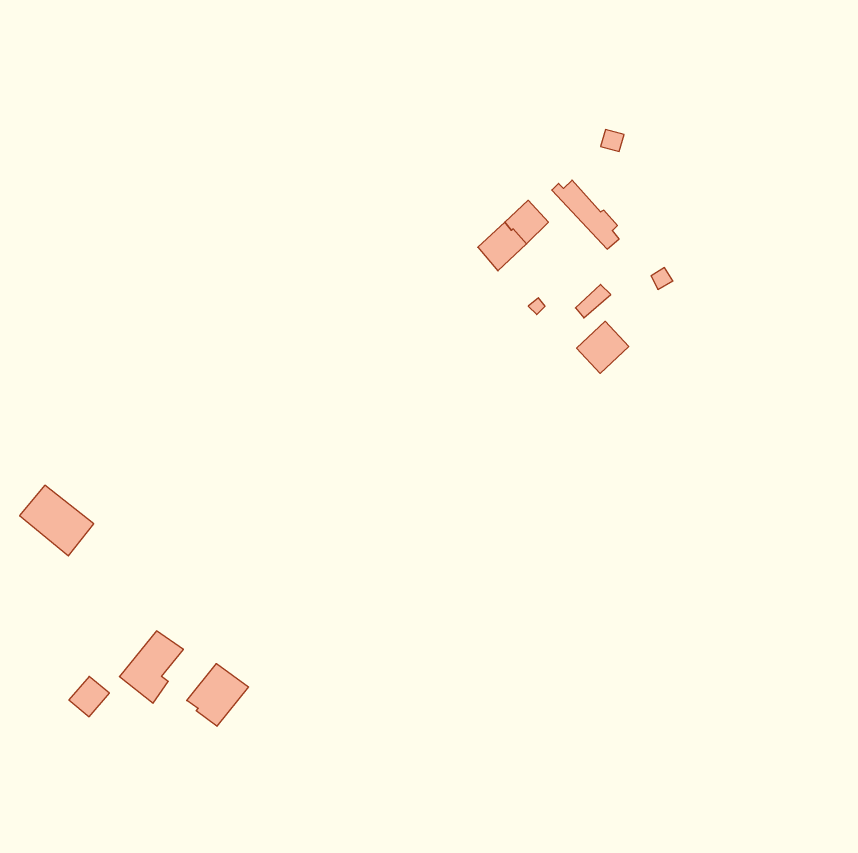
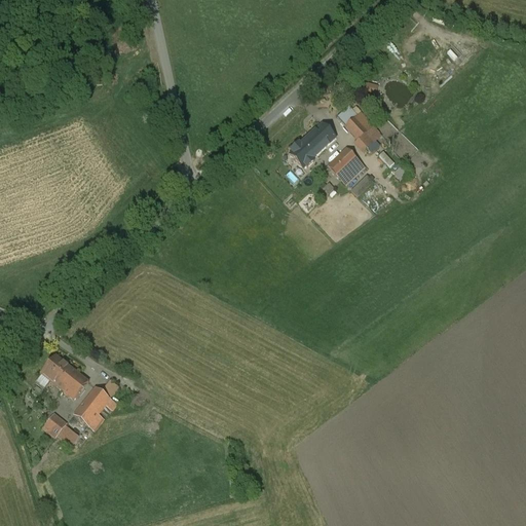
building: [577,321,629,373] -> [330,148,362,180]
building: [20,485,94,556] -> [44,355,89,399]
building: [187,664,249,726] -> none

